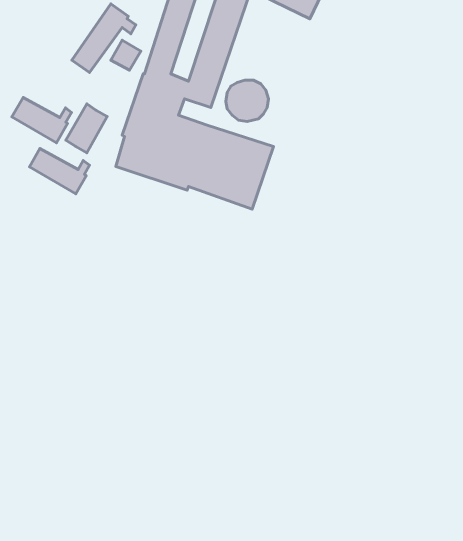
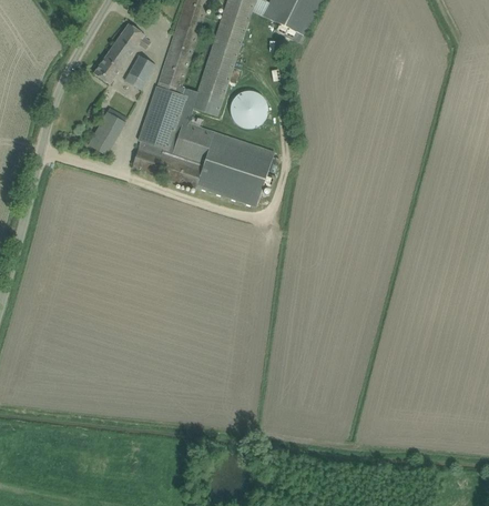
building: [12,97,71,143] -> none
building: [30,149,90,194] -> none

